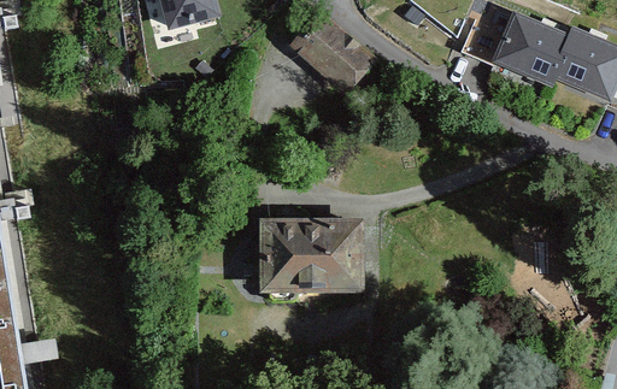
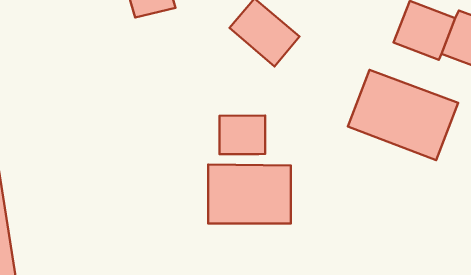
building: none -> [348,70,458,160]
building: none -> [220,115,265,154]

